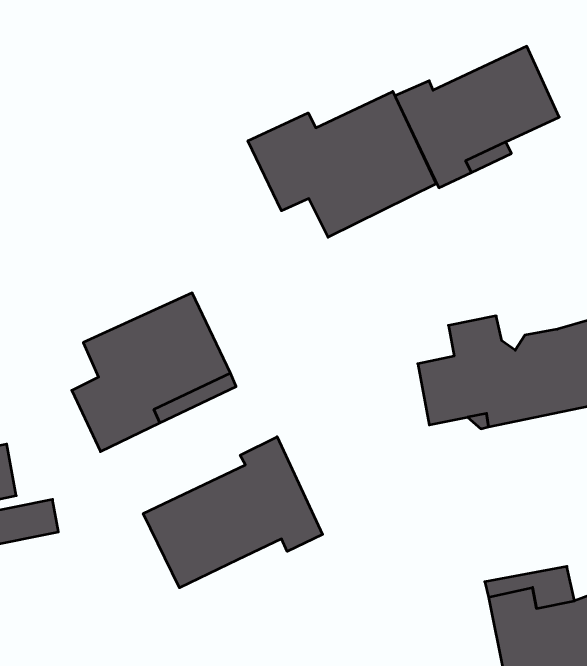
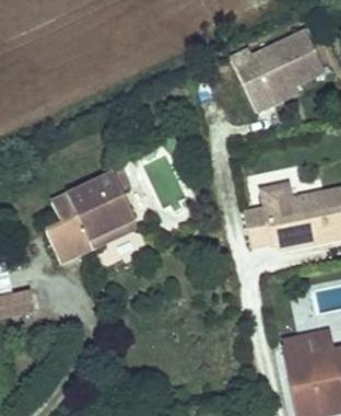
building: [248,91,436,237] -> none
building: [143,437,323,588] -> none

